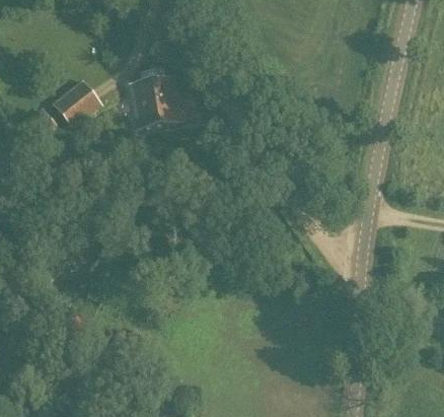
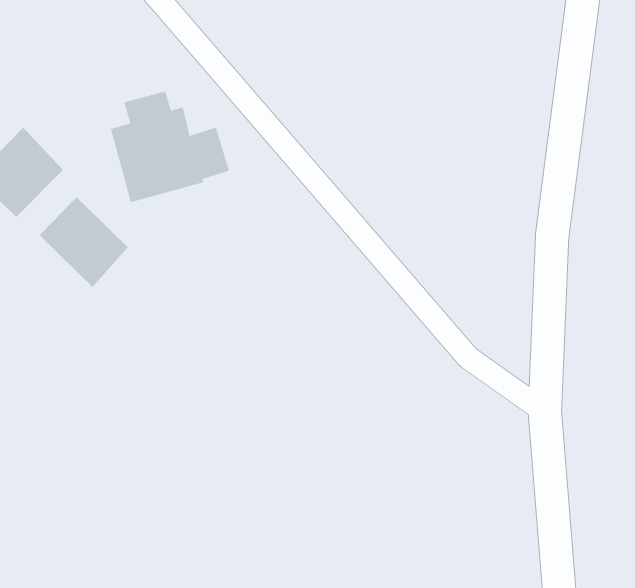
building: none -> [39,197,129,288]

